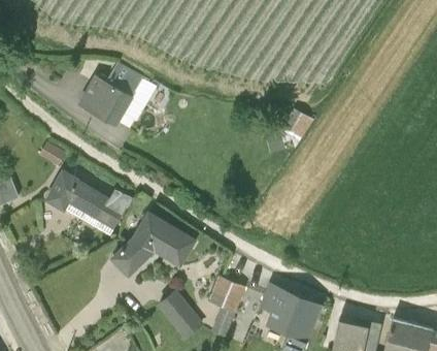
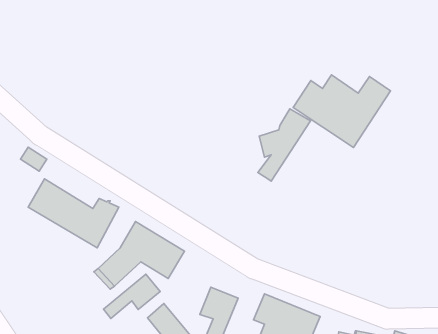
building: [79,61,156,123] -> none
building: none -> [293,75,390,147]
building: none -> [104,274,160,318]

